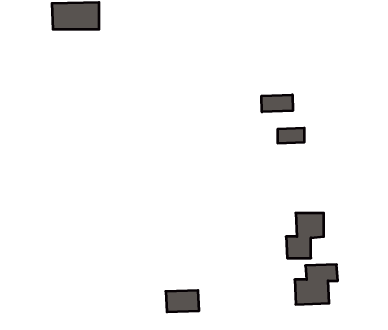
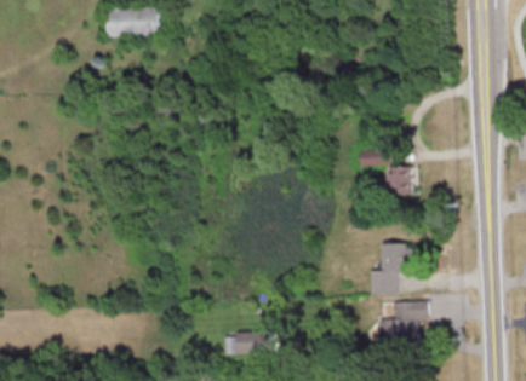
building: [262,95,293,112] -> none
building: none -> [388,166,413,195]

